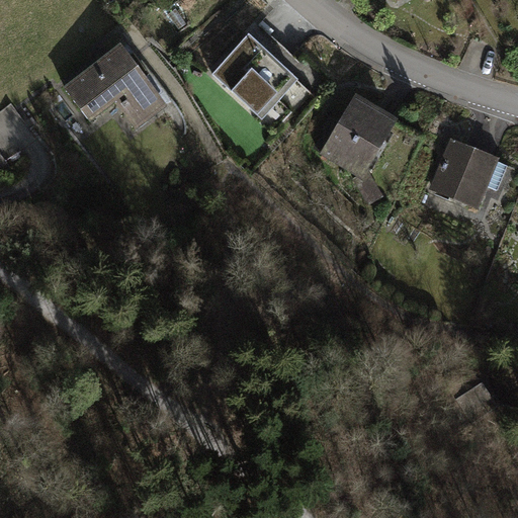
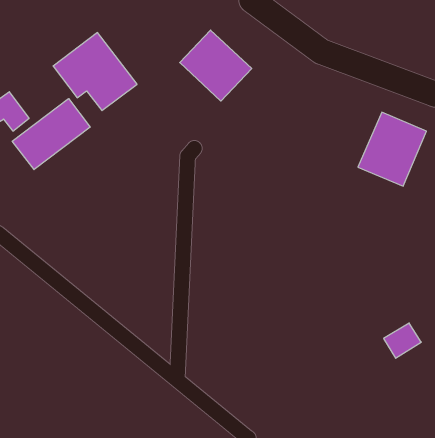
building: [313,87,405,183] -> none
building: none -> [12,99,90,170]

